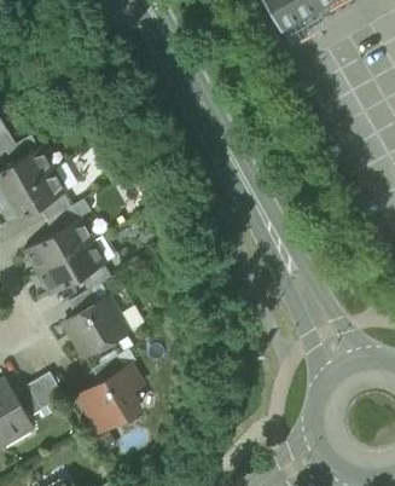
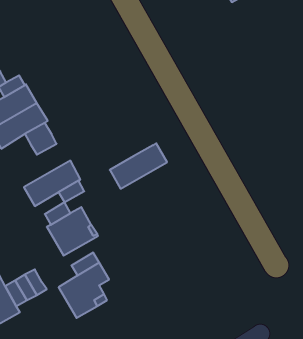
building: [23,216,93,272] -> [110,143,167,189]

